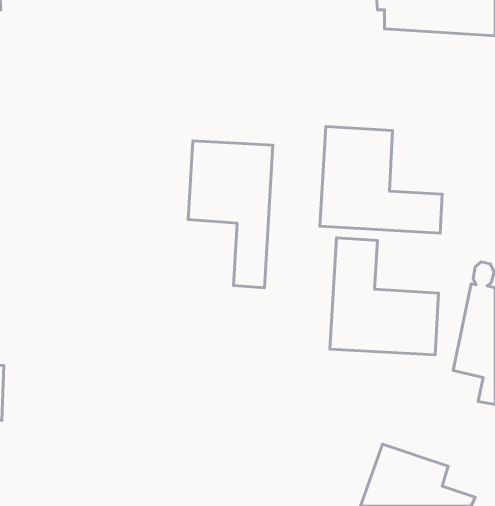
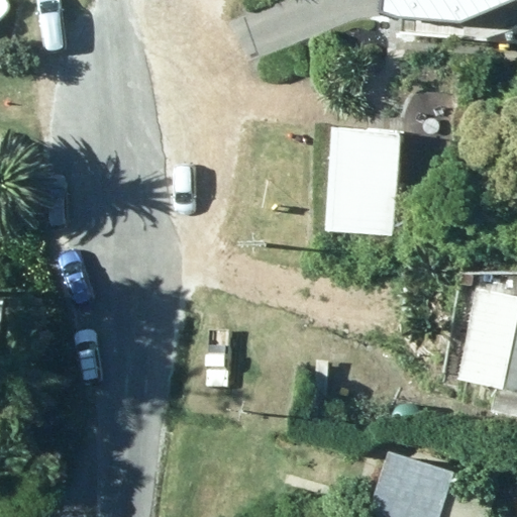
building: [188,141,273,288] -> none
building: [330,238,438,355] -> none

